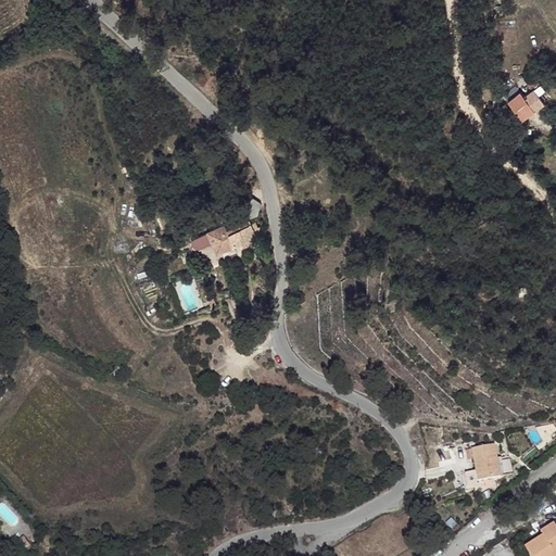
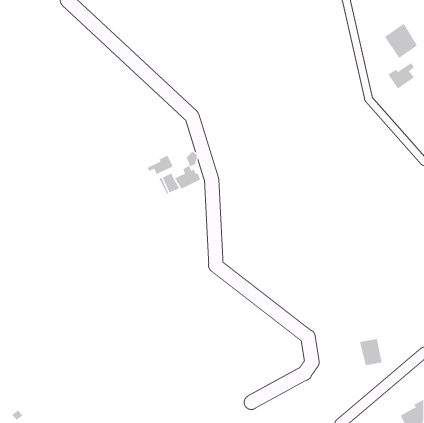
building: none -> [384,23,418,59]
building: none -> [147,155,173,175]

